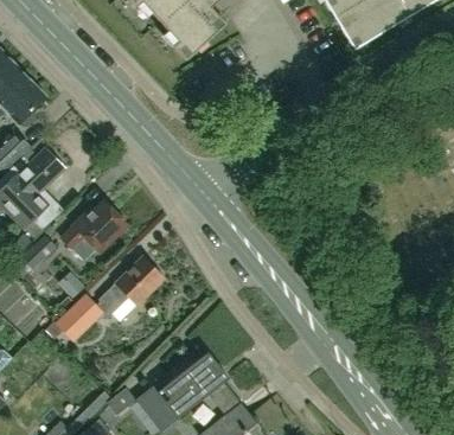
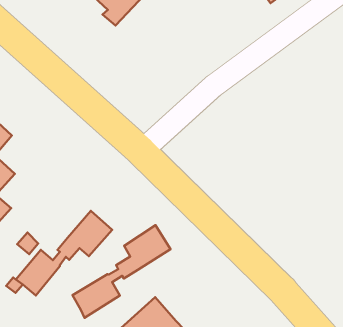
building: [60,200,127,261] -> none
building: none -> [72,225,171,318]

